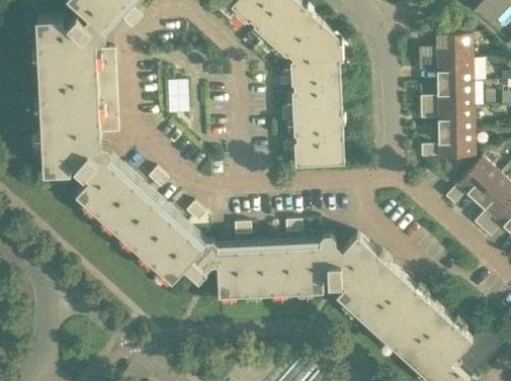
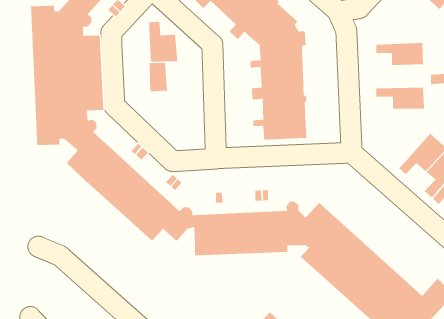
building: [419,36,473,63] -> none
building: none -> [148,21,178,63]
building: [420,85,474,111] -> none
building: [421,134,475,160] -> none

